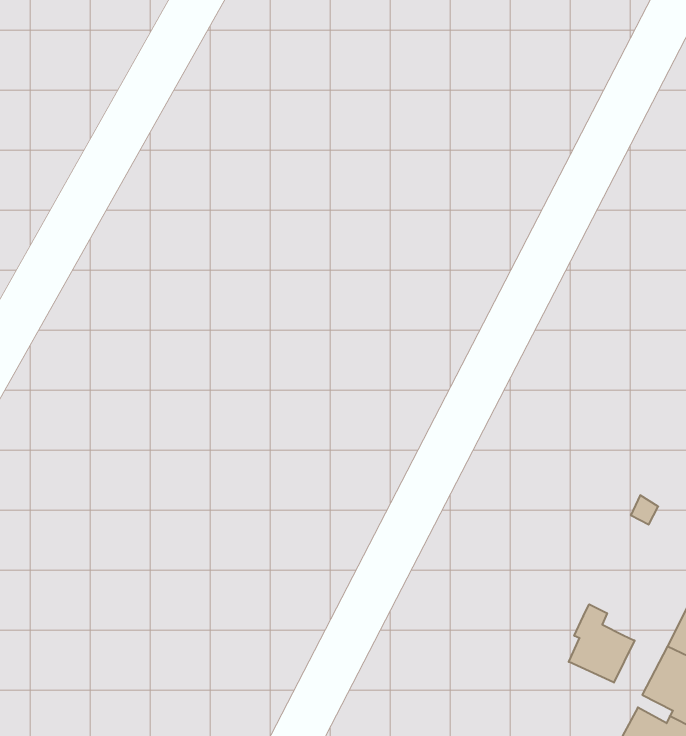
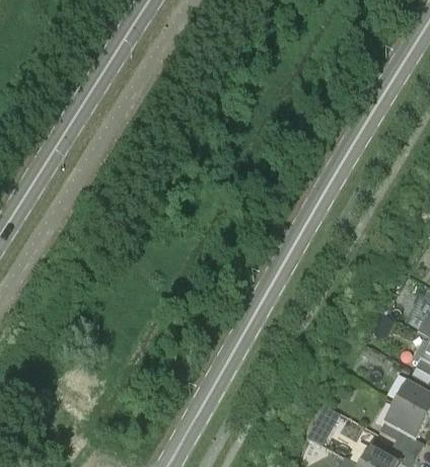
building: [569,604,635,683] -> none

